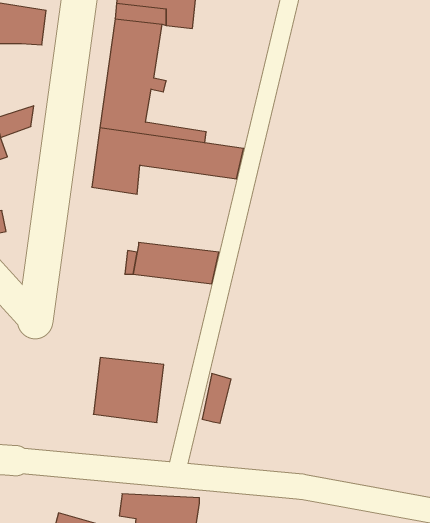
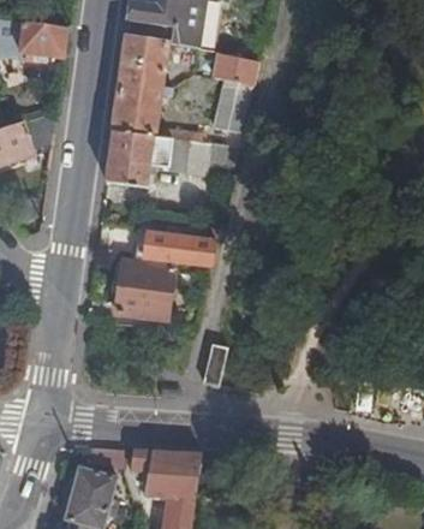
building: none -> [216,48,261,125]
building: [93,358,164,423] -> [115,266,177,322]

